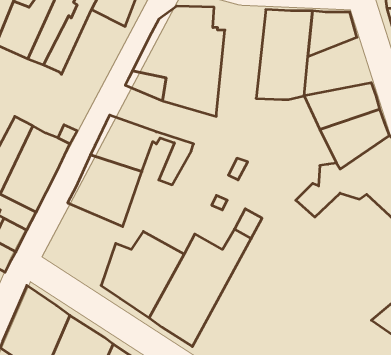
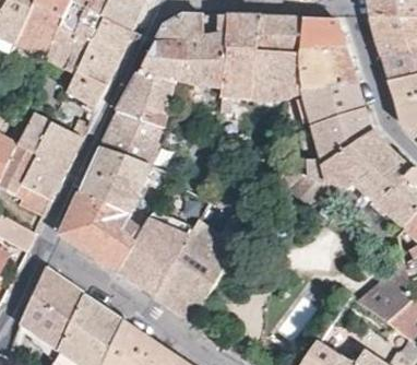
building: none -> [216,12,261,108]
building: none -> [63,14,133,108]
building: none -> [296,39,357,93]
building: none -> [119,83,167,126]
building: none -> [61,190,131,266]

